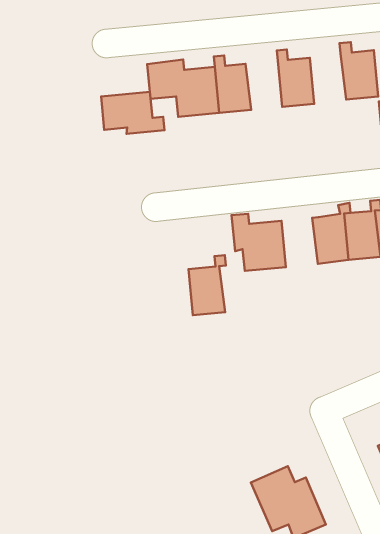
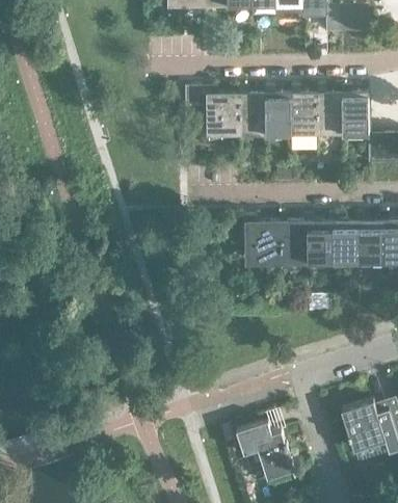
building: none -> [317,88,343,134]
building: none -> [265,88,291,134]
building: [101,92,165,134] -> none
building: [189,255,226,315] -> [282,217,312,263]

